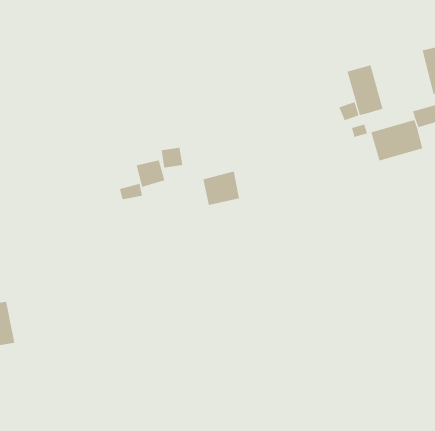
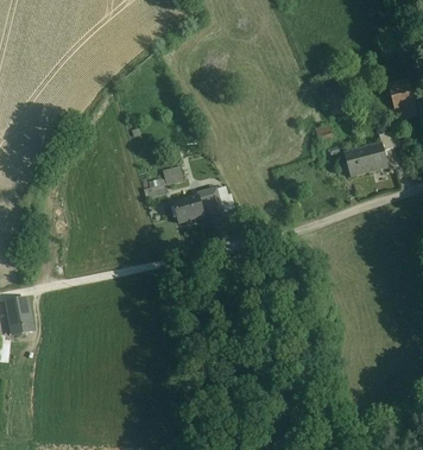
building: [347,64,383,116] -> none
building: none -> [172,192,204,223]

